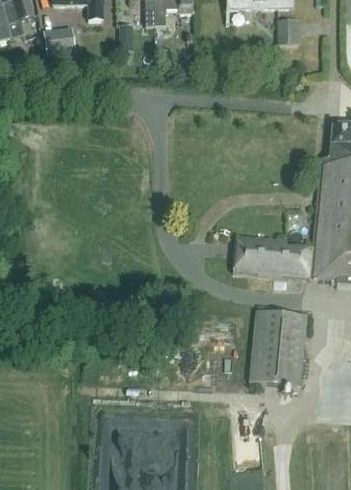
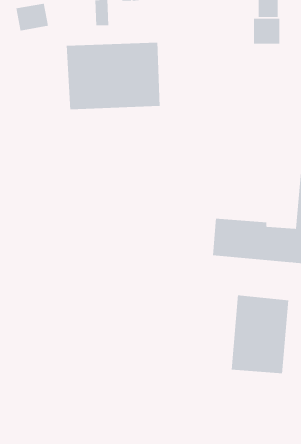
building: none -> [254,18,280,44]
building: none -> [66,42,160,110]

